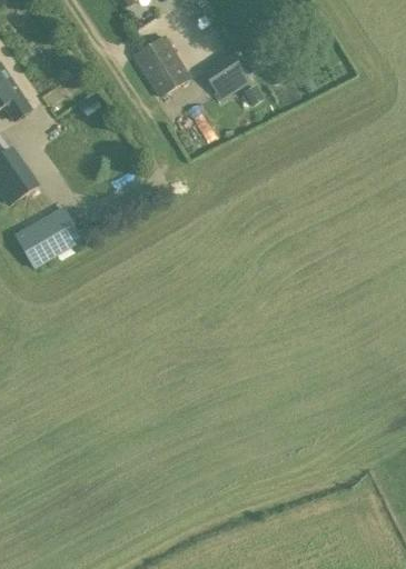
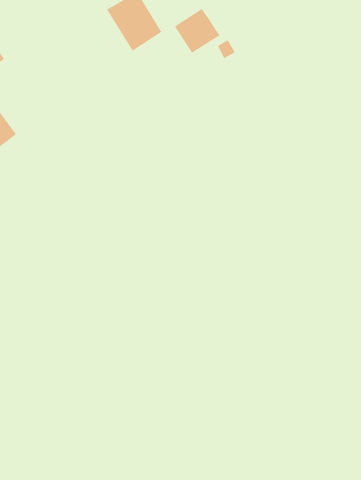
building: [28,206,81,259] -> none

